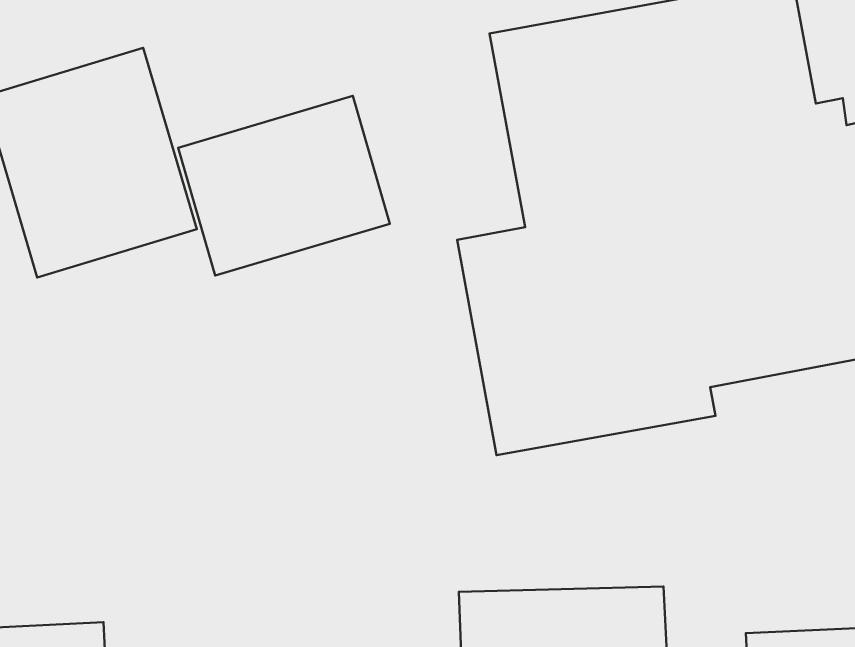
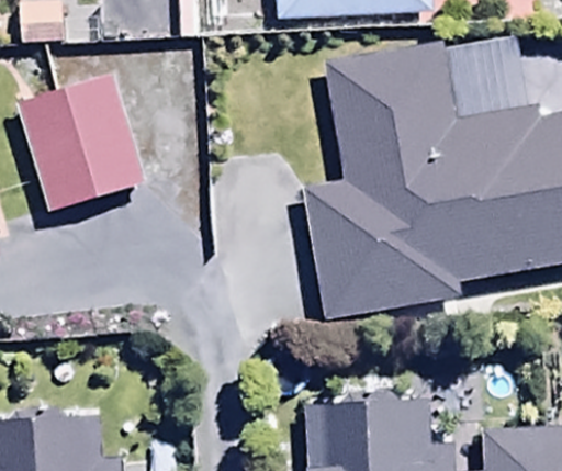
building: [178,96,390,276] -> none

